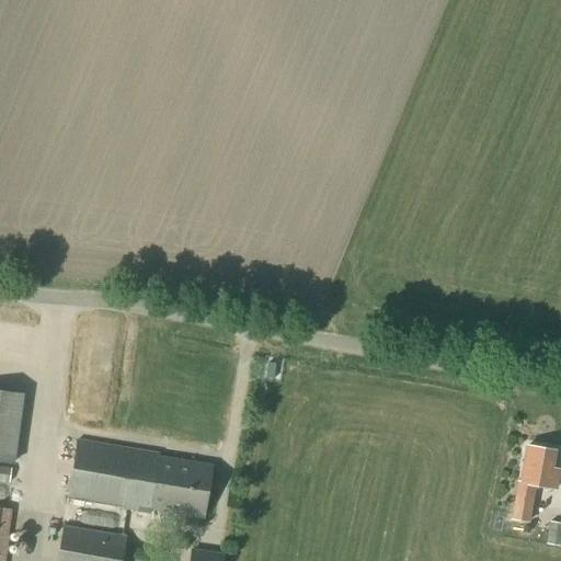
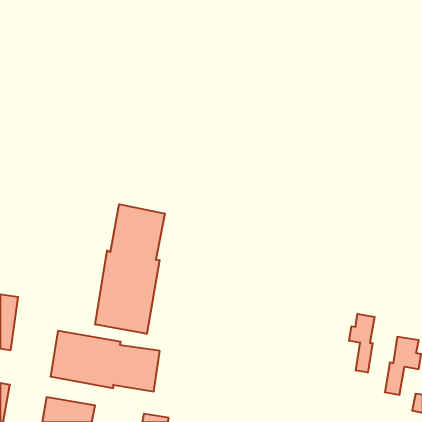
building: none -> [95,204,165,334]
building: none -> [349,314,375,373]

